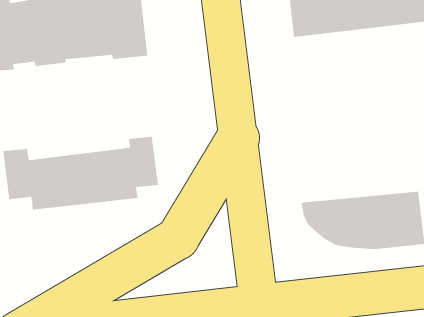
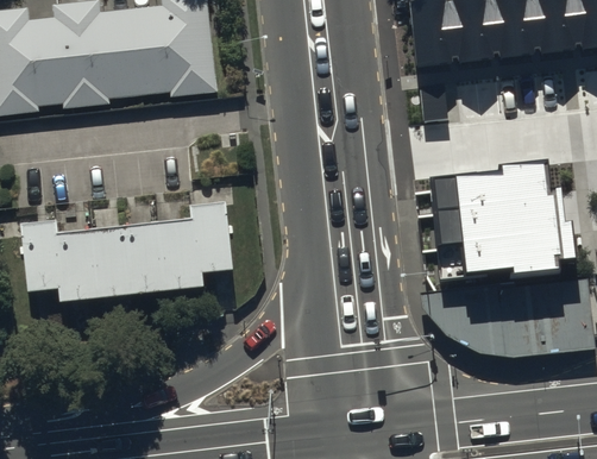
building: none -> [429,158,579,278]

